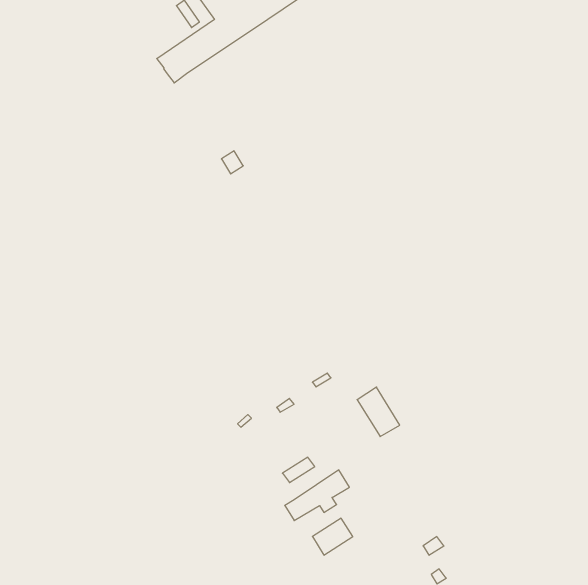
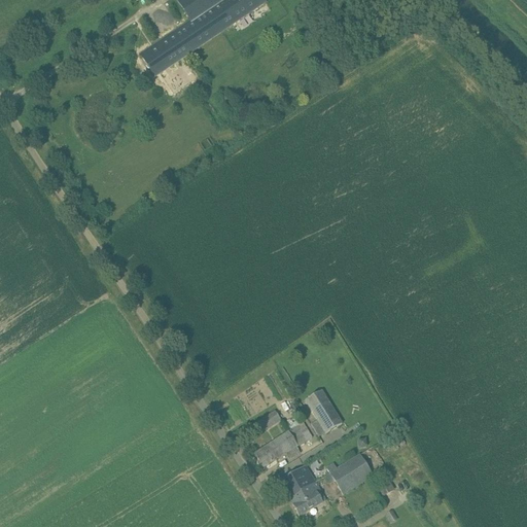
building: [357,387,400,437] -> [306,388,344,432]
building: none -> [329,452,374,492]
building: none -> [290,480,324,514]

